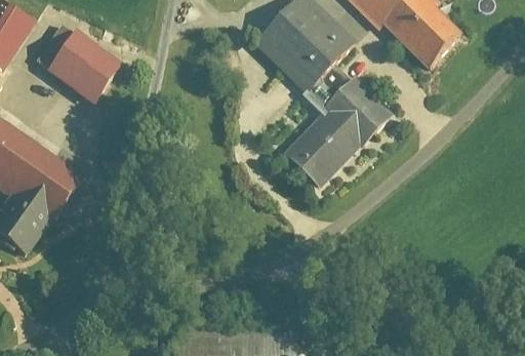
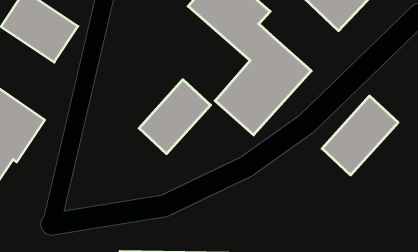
building: none -> [139,80,211,154]
building: none -> [322,96,398,175]

